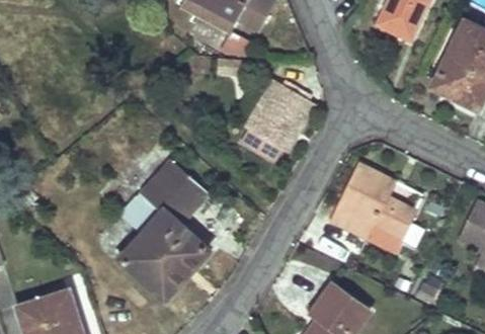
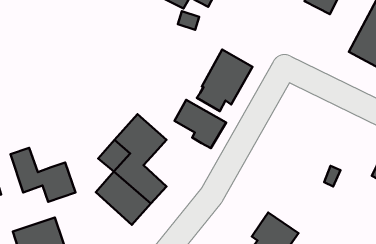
building: none -> [174,100,226,148]
building: [331,163,414,238] -> none
building: none -> [10,148,75,202]

